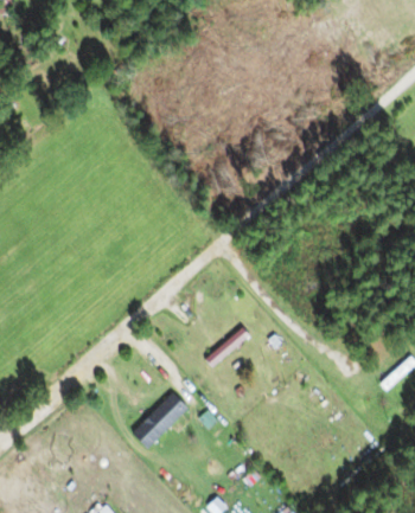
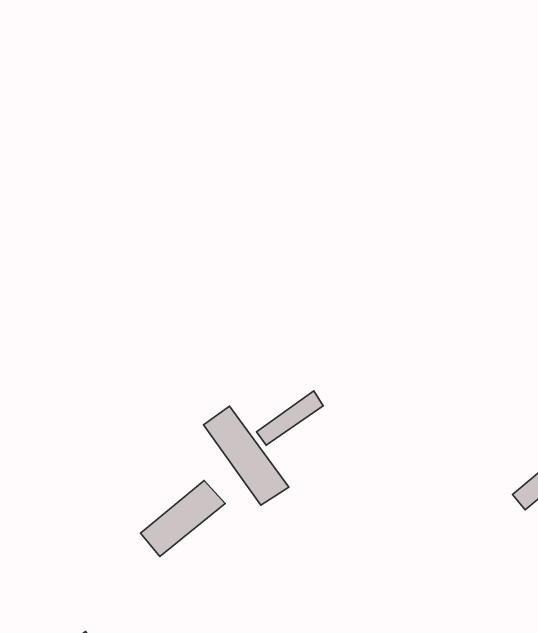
building: none -> [204,406,289,505]

